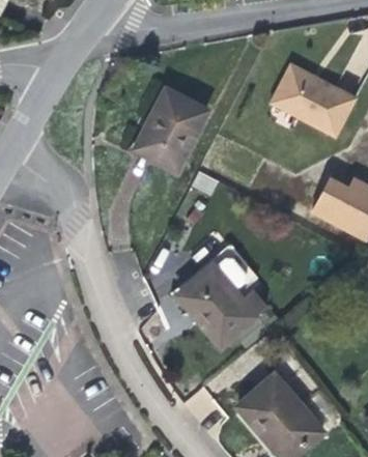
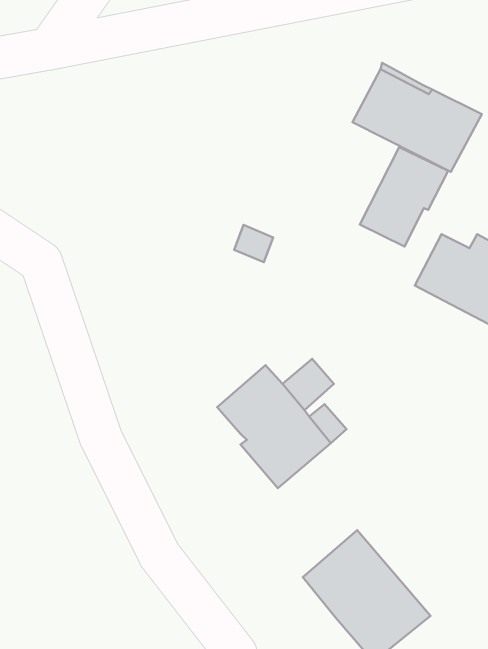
building: [137,88,206,169] -> none
building: none -> [360,147,448,246]

